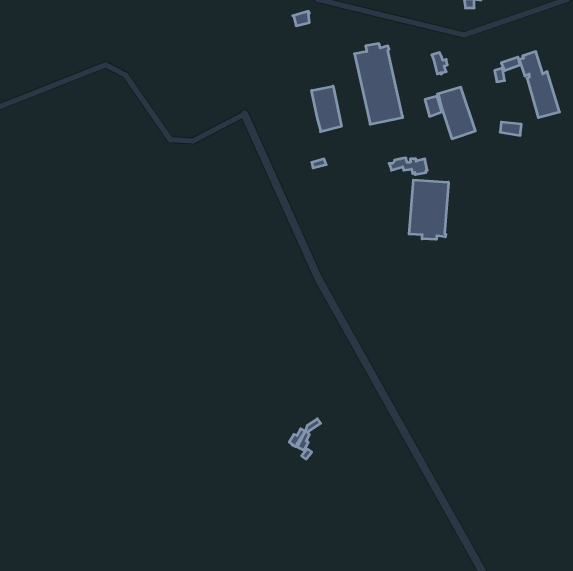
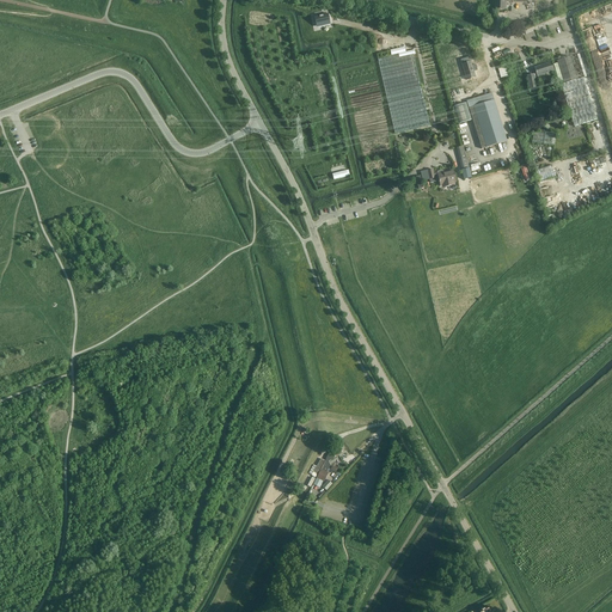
building: [312,86,341,132] -> none
building: [409,180,449,239] -> none

